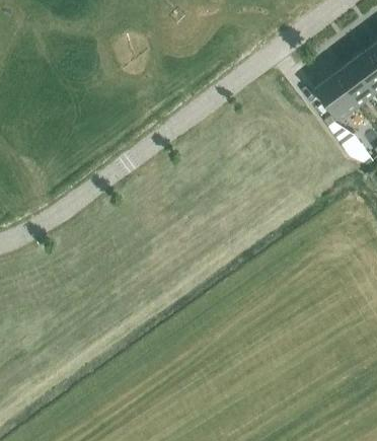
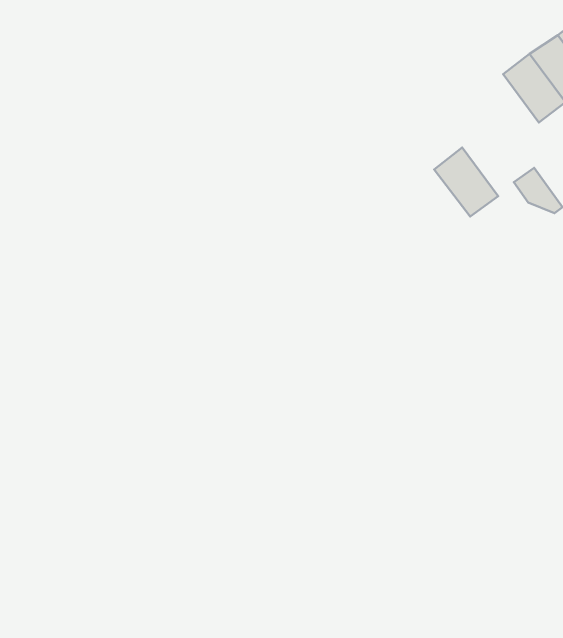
building: [316,74,358,119] -> [434,148,498,216]

